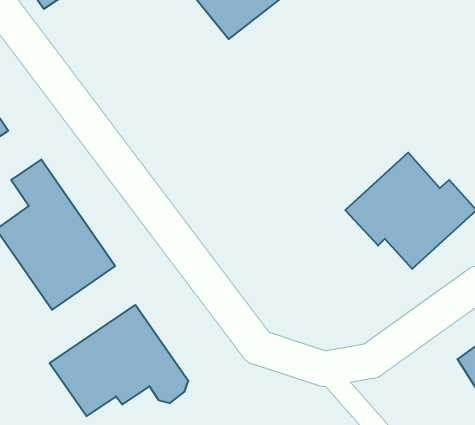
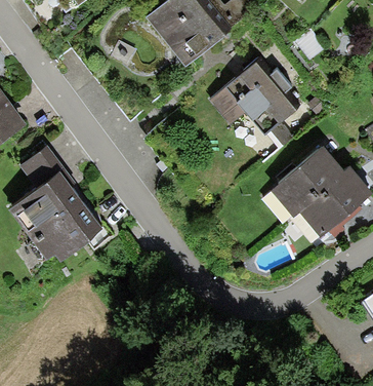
building: none -> [215,62,297,144]
building: [50,305,188,416] -> none

